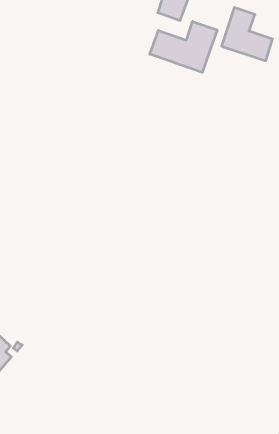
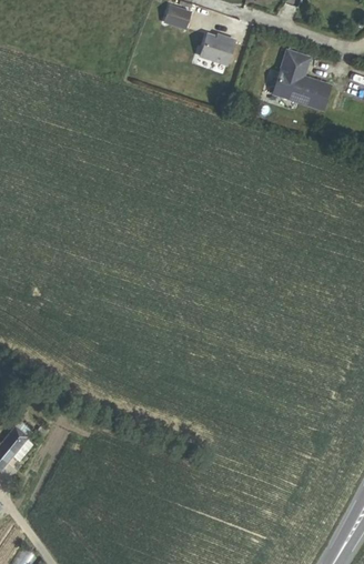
building: [150,21,217,72] -> none

